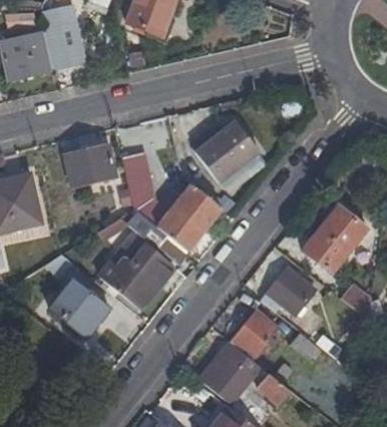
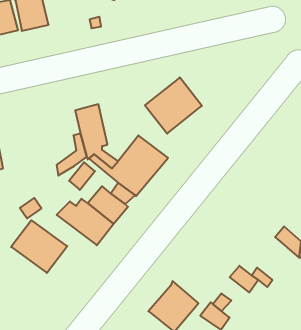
building: [59,144,112,187] -> none
building: [301,205,363,273] -> none
building: [261,265,317,315] -> none
building: [236,310,280,356] -> none

